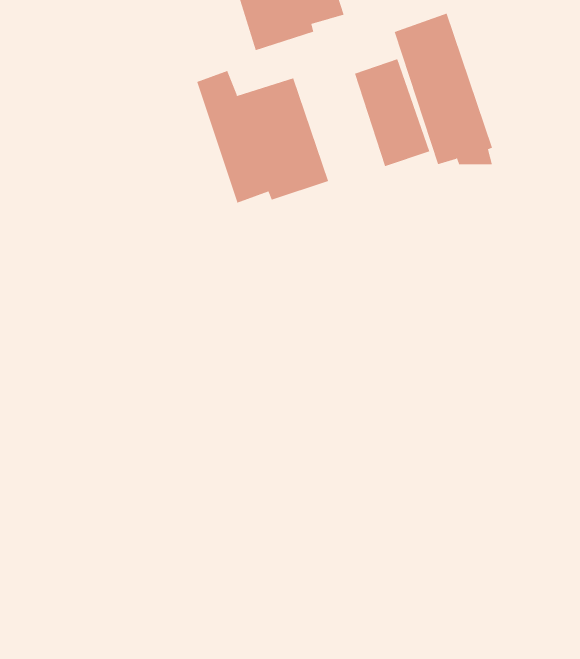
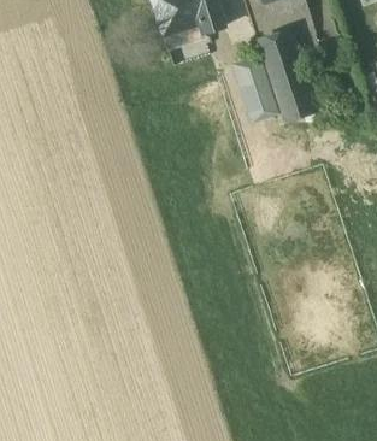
building: [196,70,329,204] -> none

